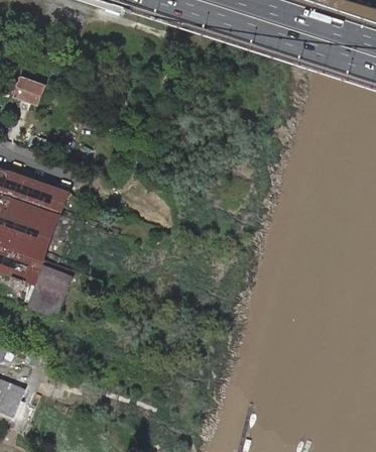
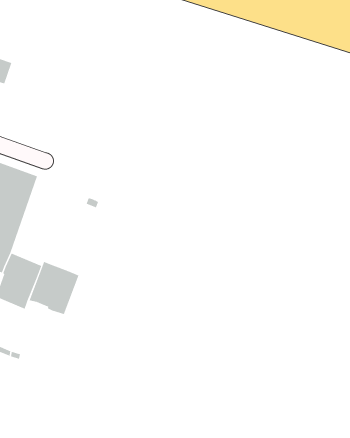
building: none -> [29,261,79,315]

